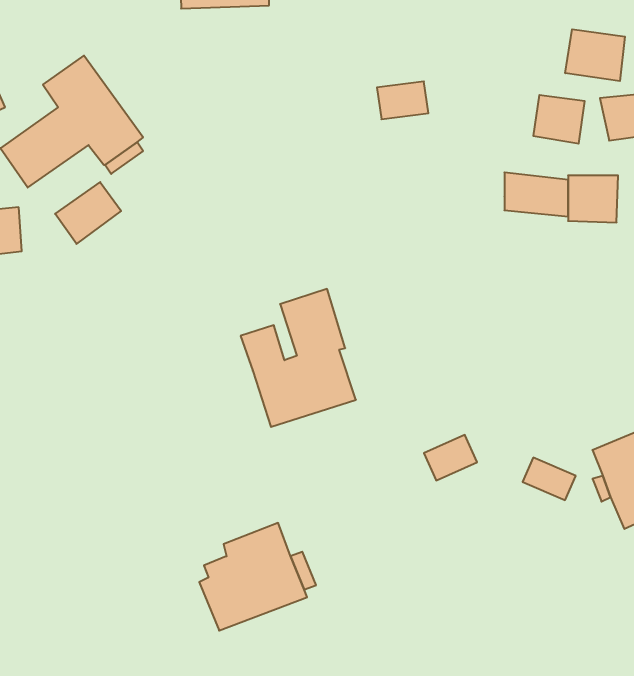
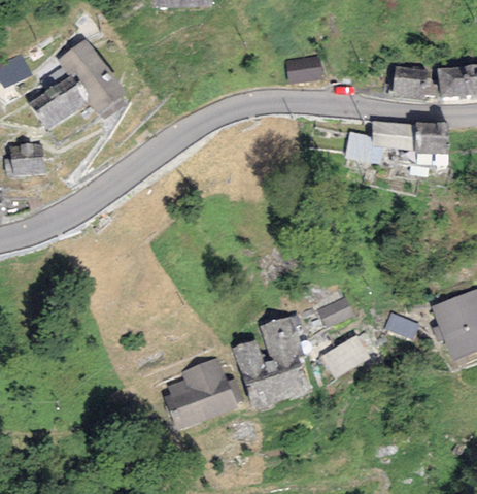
building: [565,29,625,81] -> none
building: [55,182,121,244] -> none
building: none -> [344,131,383,162]
building: [241,289,356,427] -> [233,315,311,408]
building: none -> [321,335,370,378]

